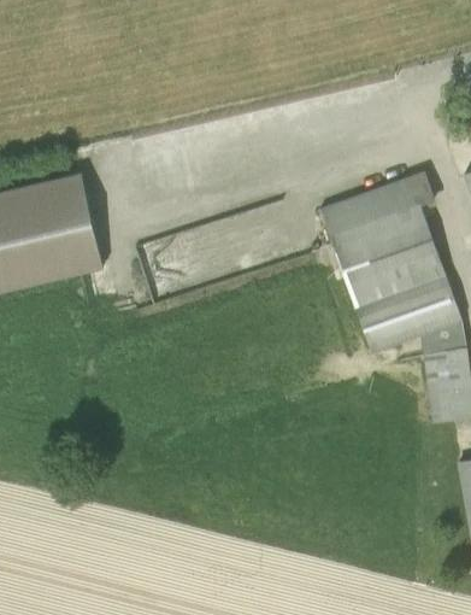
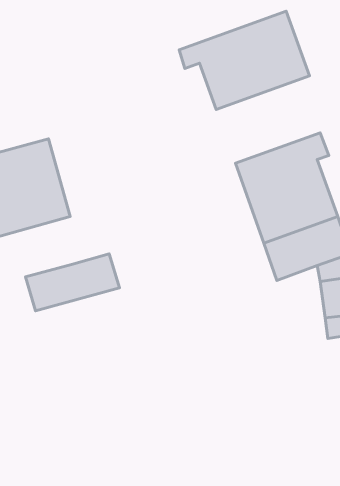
building: none -> [179,11,310,109]
building: none -> [25,254,119,311]

